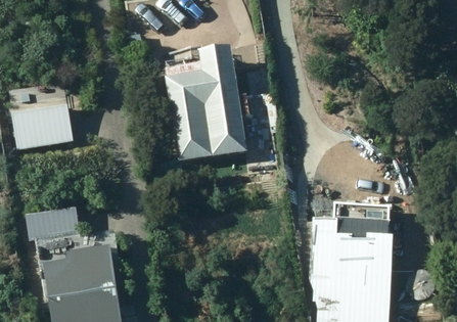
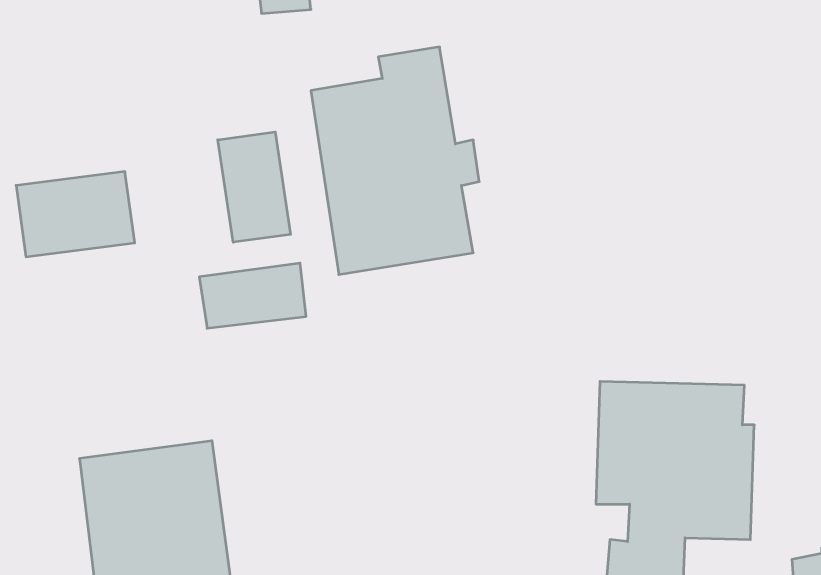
building: none -> [218,132,291,242]
building: [22,205,78,239] -> [199,263,306,328]

